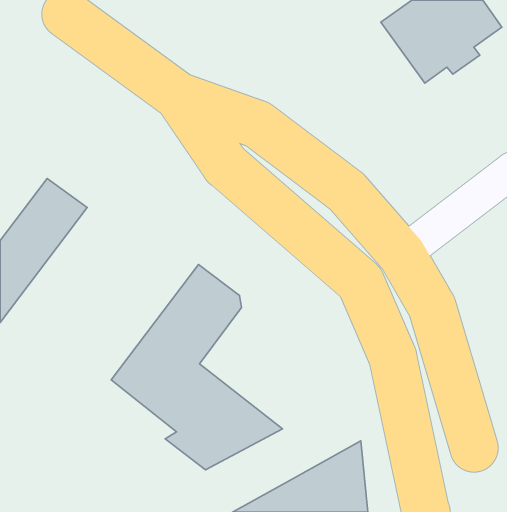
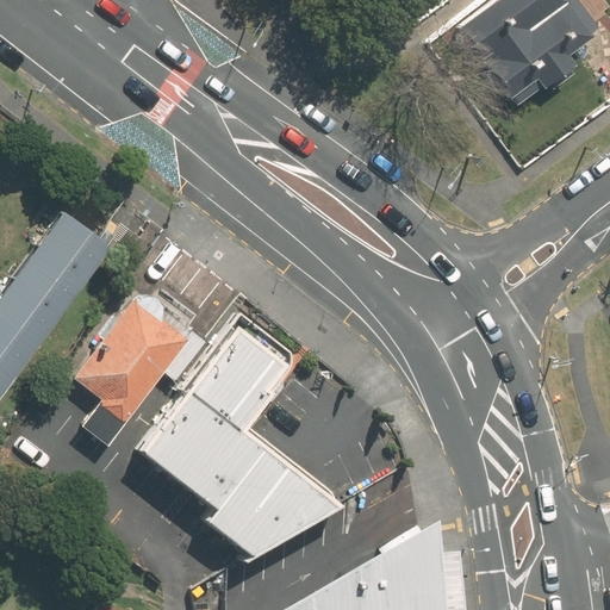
building: none -> [73,295,200,446]

